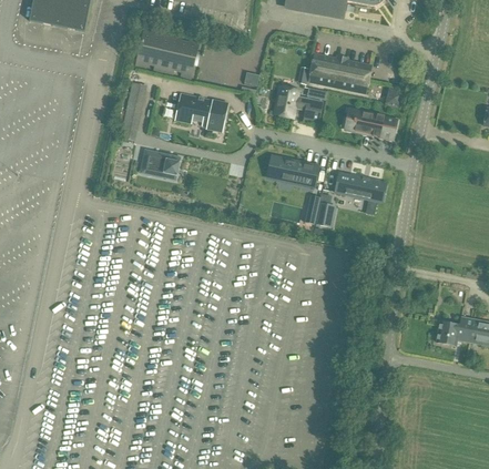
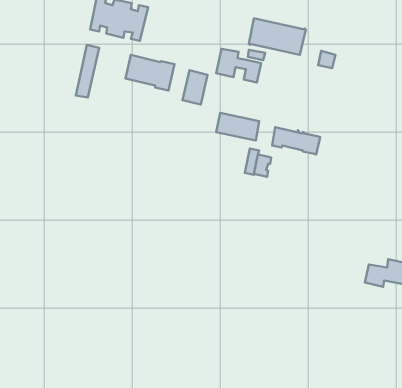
building: [350,109,396,137] -> none
building: none -> [183,70,208,104]
building: [139,149,172,179] -> none

